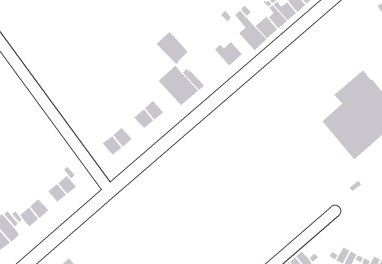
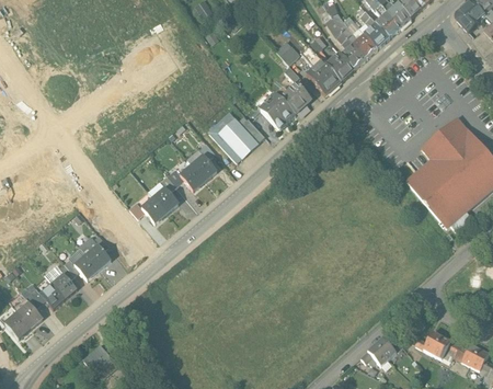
building: [156,31,188,65] -> [255,88,295,128]

